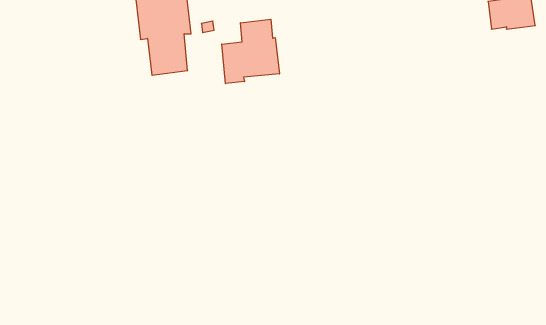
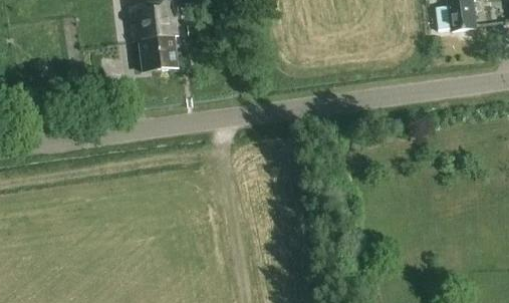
building: [222,19,279,84] -> none

